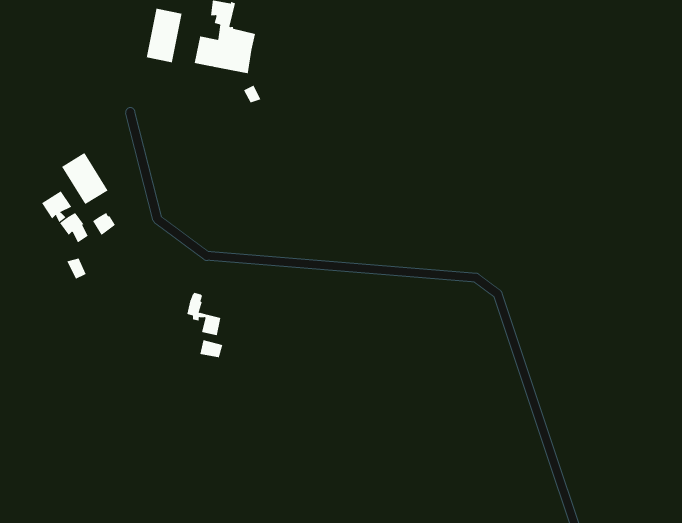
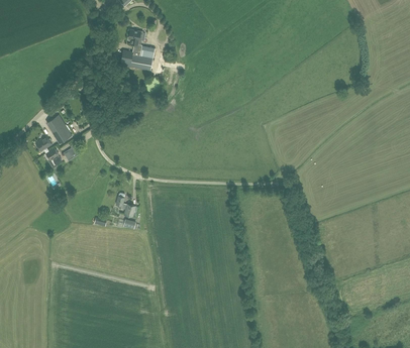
building: [146,8,182,63] -> none

